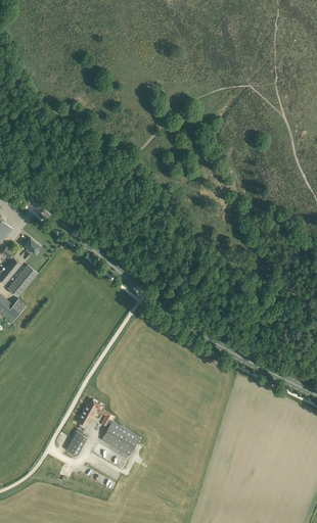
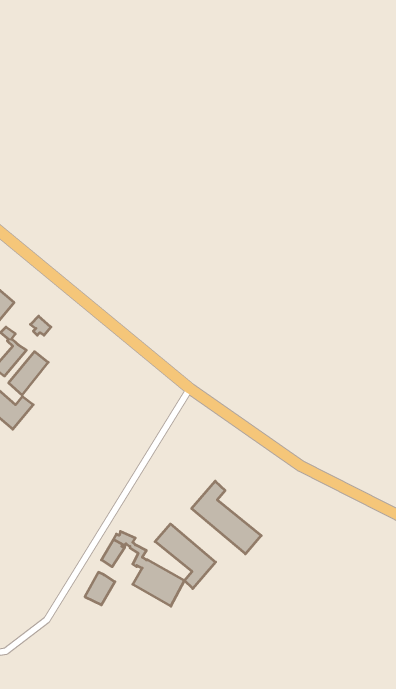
building: none -> [192,481,261,554]
building: none -> [155,524,216,589]

